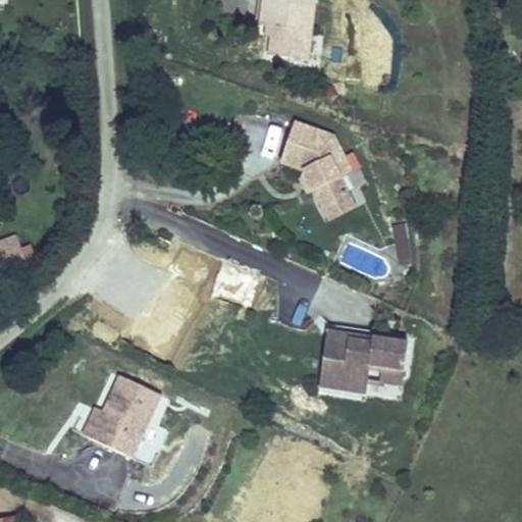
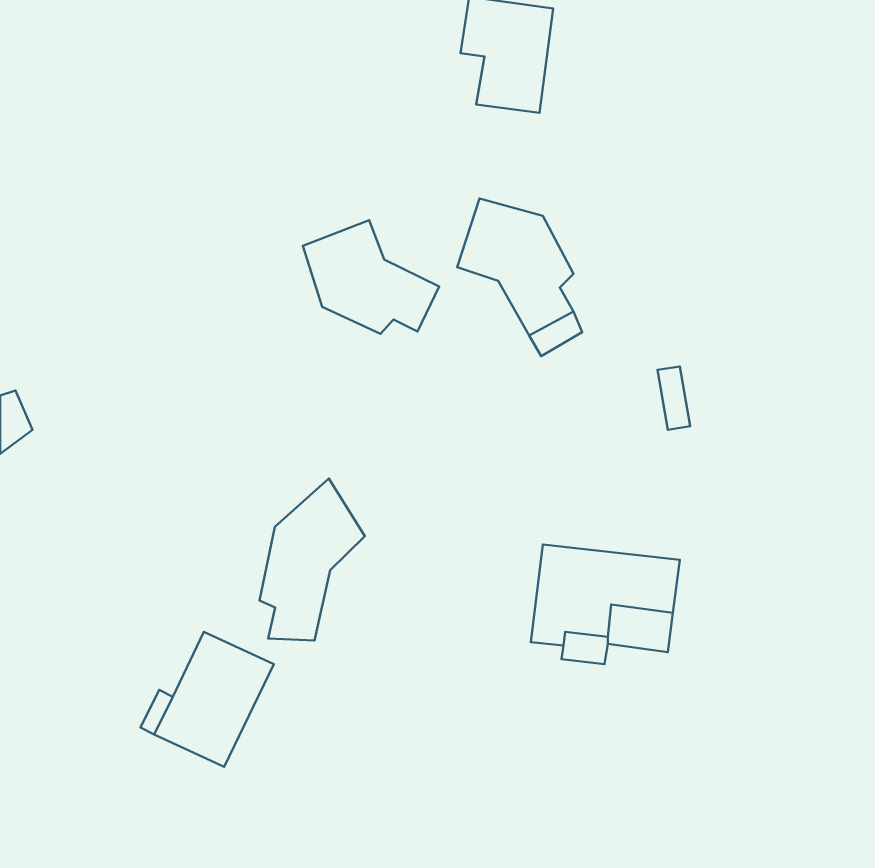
building: none -> [303,220,439,334]
building: none -> [260,478,365,640]

